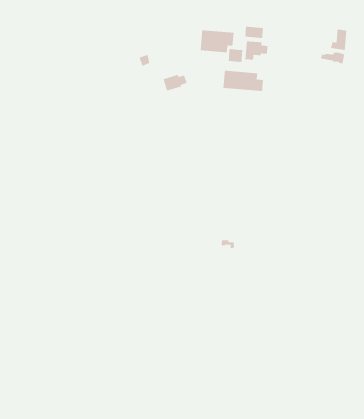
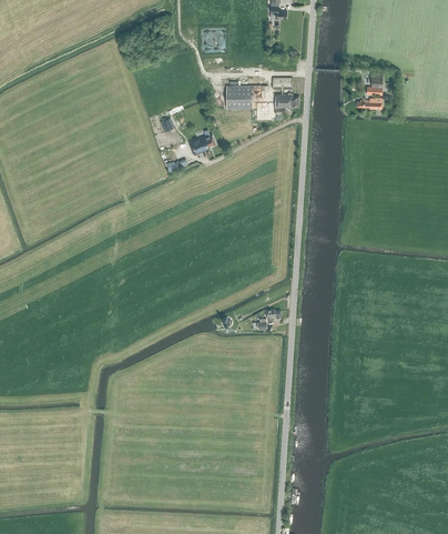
building: [222,70,264,92] -> none

